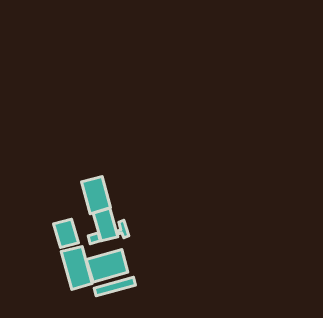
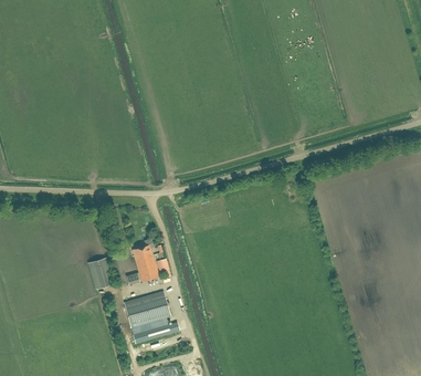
building: [81,177,110,214] -> none
building: [61,246,92,290] -> none

